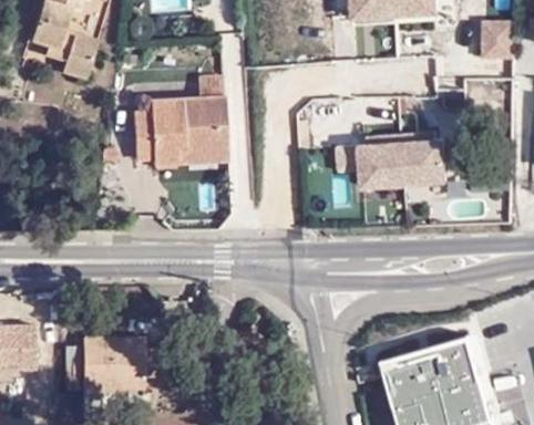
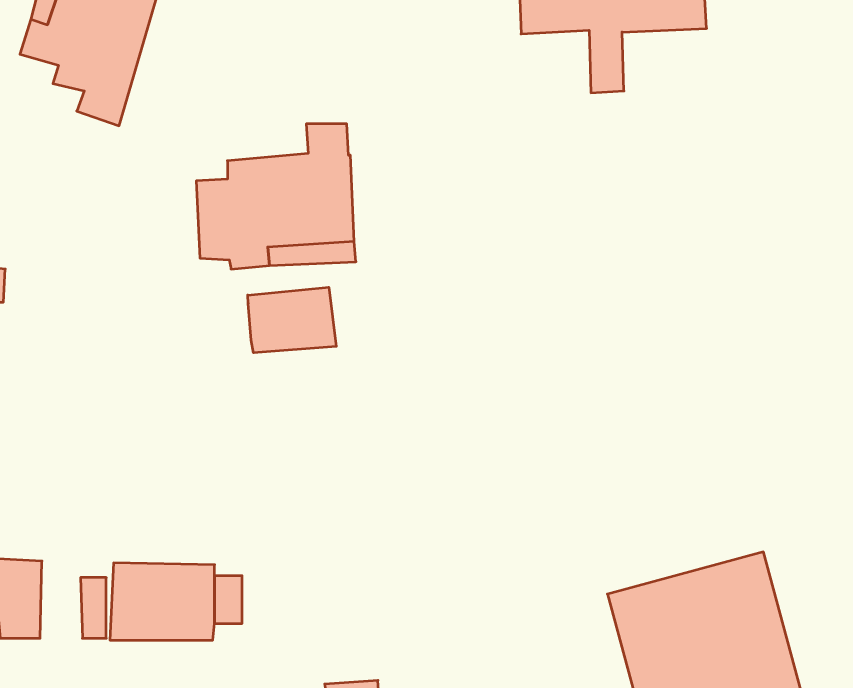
building: [479,21,515,60] -> none
building: [358,133,449,186] -> none
building: none -> [248,287,336,353]

